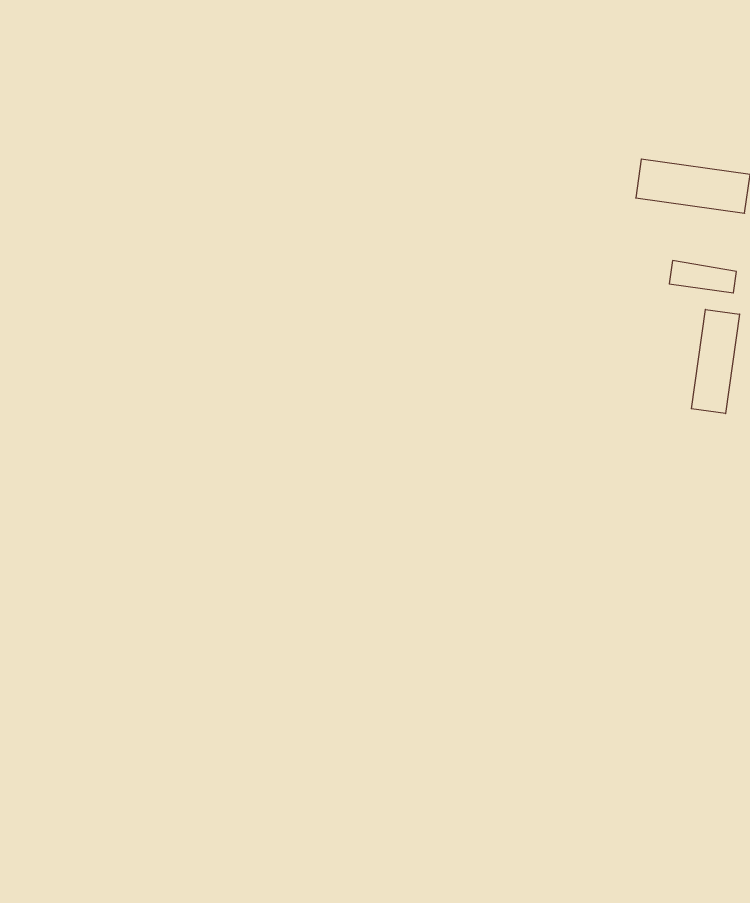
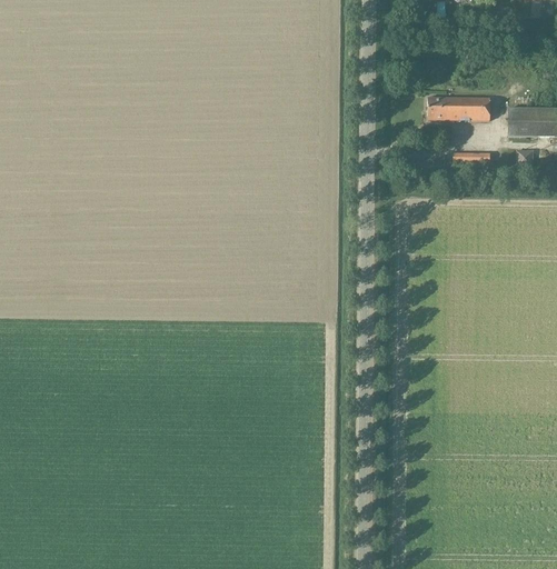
building: [691,309,740,414] -> none

